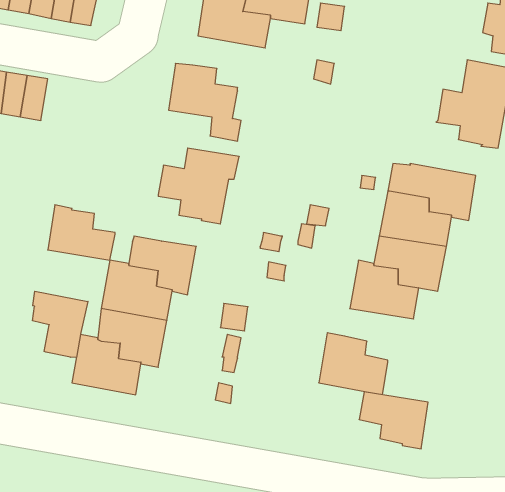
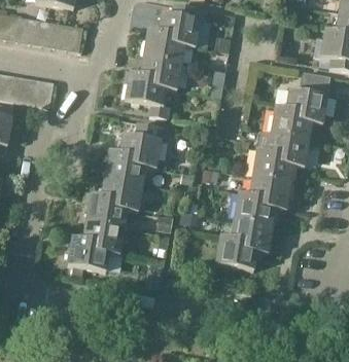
building: none -> [140,57,183,92]
building: none -> [270,105,313,140]
building: [48,205,115,260] -> [105,149,145,182]
building: [33,291,88,358] -> none
building: [359,392,428,449] -> [231,219,272,253]

